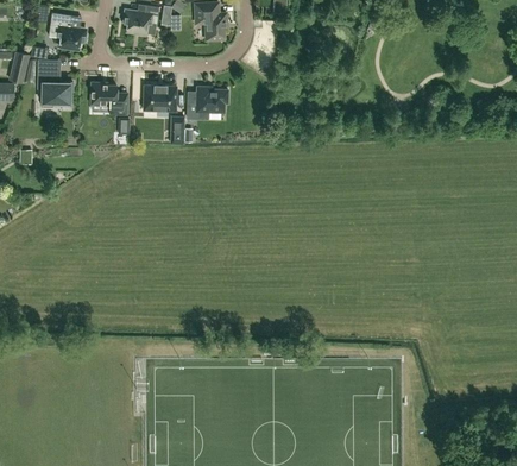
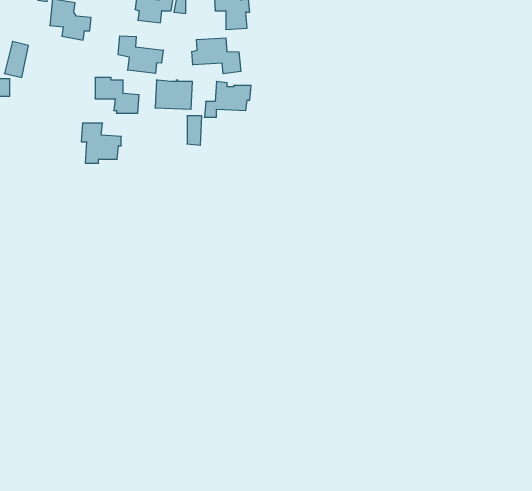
building: none -> [118,36,163,73]
building: none -> [192,38,241,74]
building: [34,70,70,106] -> [81,123,121,163]

